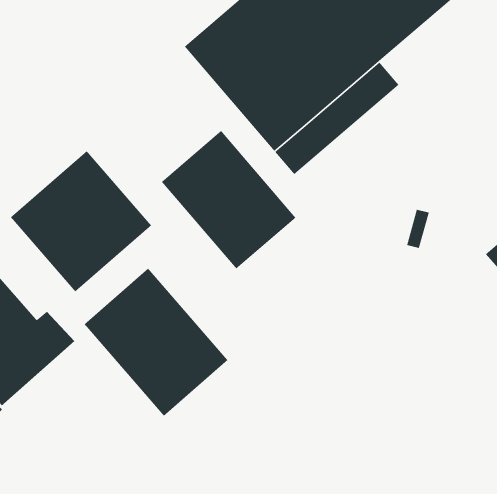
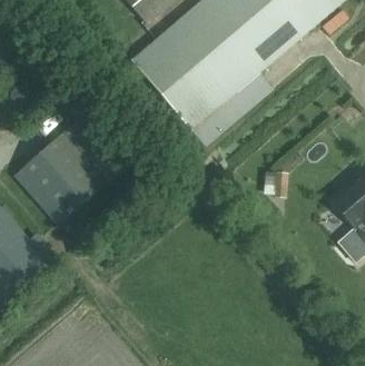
building: [161,130,297,270] -> none
building: [84,268,229,417] -> none

